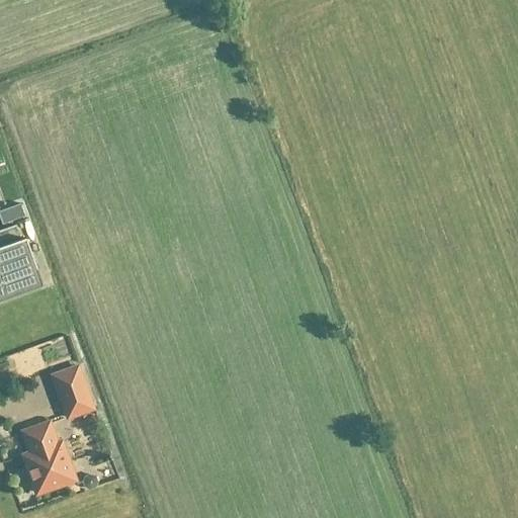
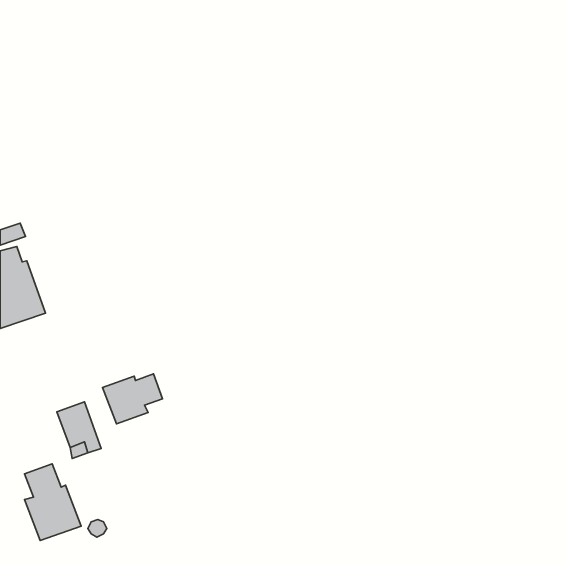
building: none -> [103,374,163,424]

